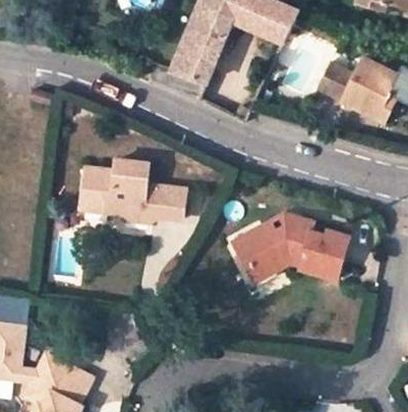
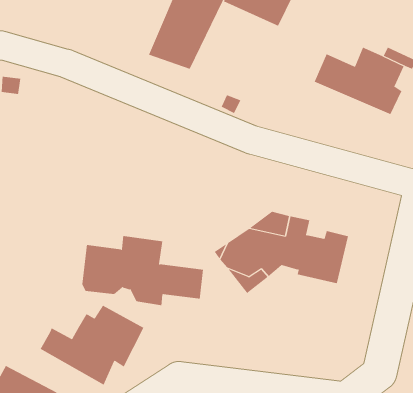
building: [86,162,196,225] -> [82,236,204,306]
building: none -> [40,305,144,386]

